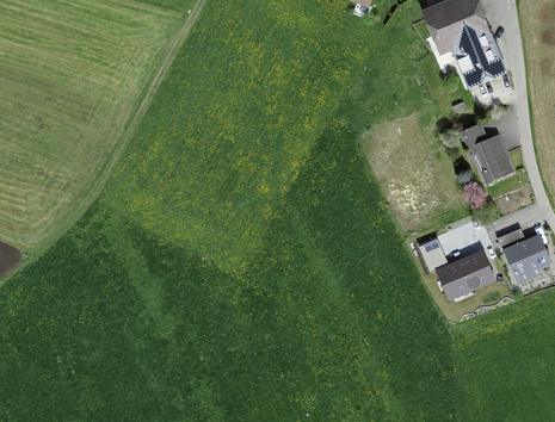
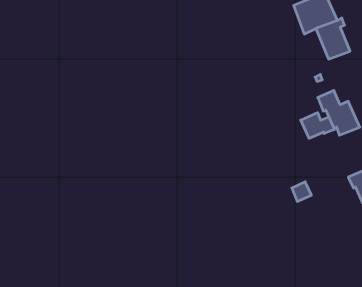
building: none -> [301,113,334,138]
building: [442,253,493,293] -> none

